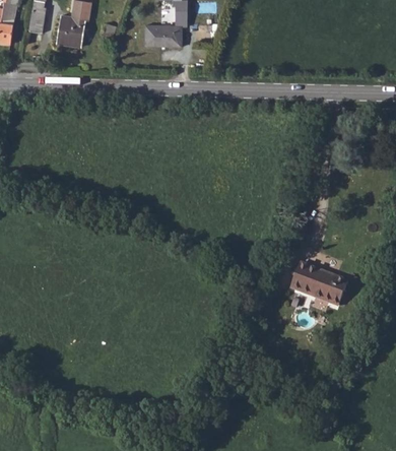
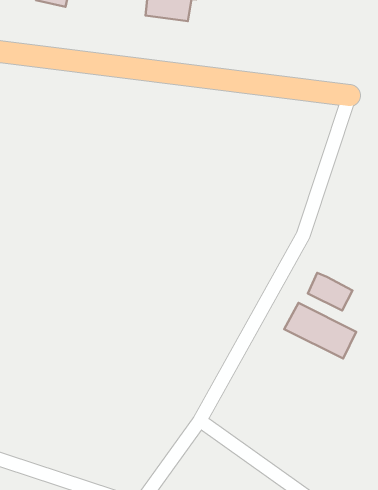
building: none -> [308,273,353,310]

